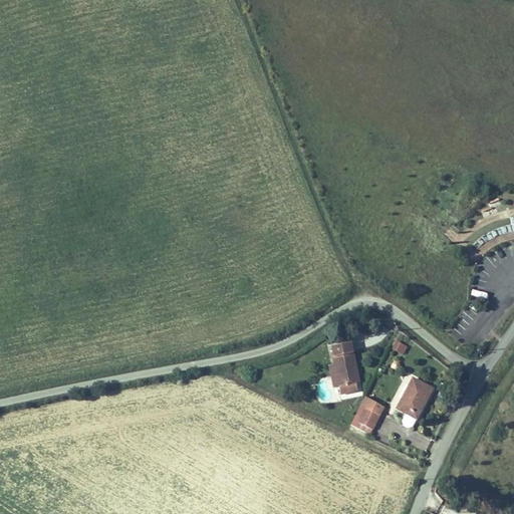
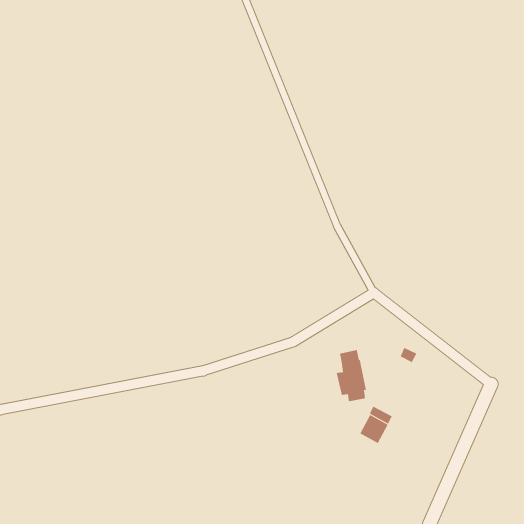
building: [398,377,433,418] -> none

